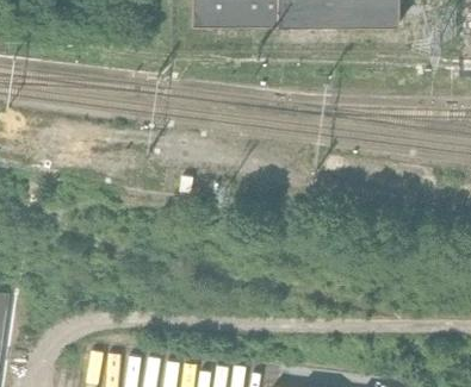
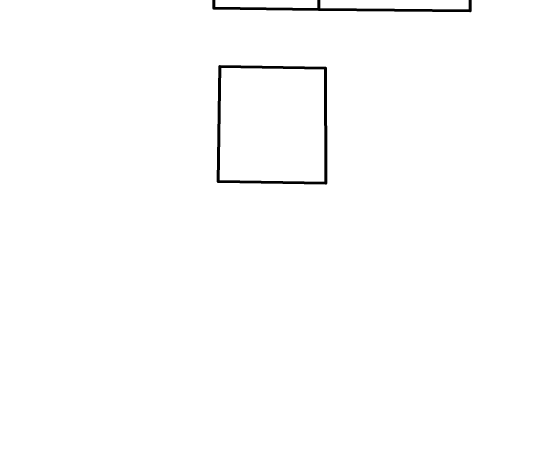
building: none -> [218,67,326,183]

